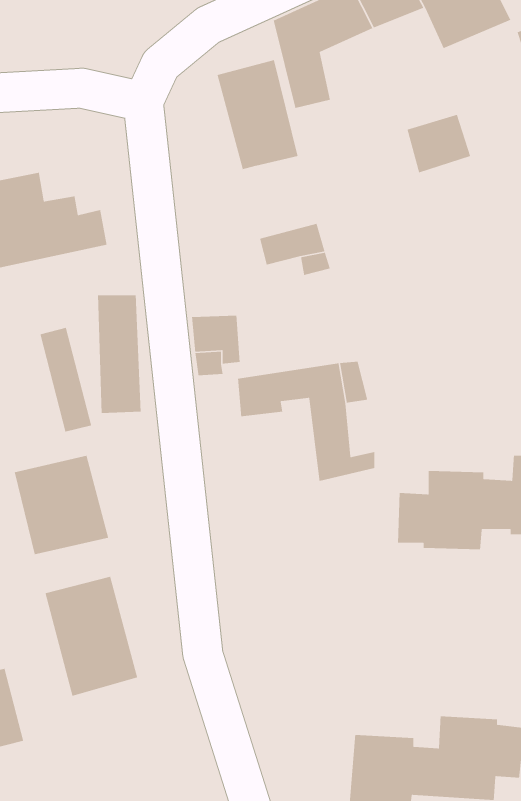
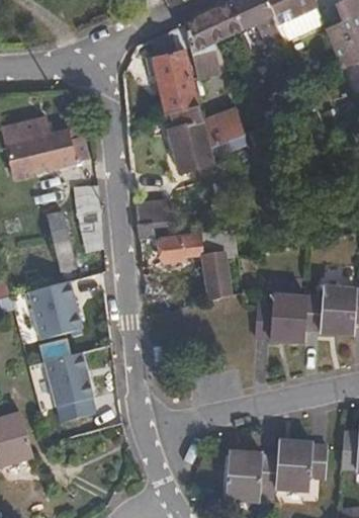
building: [407,114,471,174] -> [203,109,242,145]
building: none -> [165,107,206,156]

